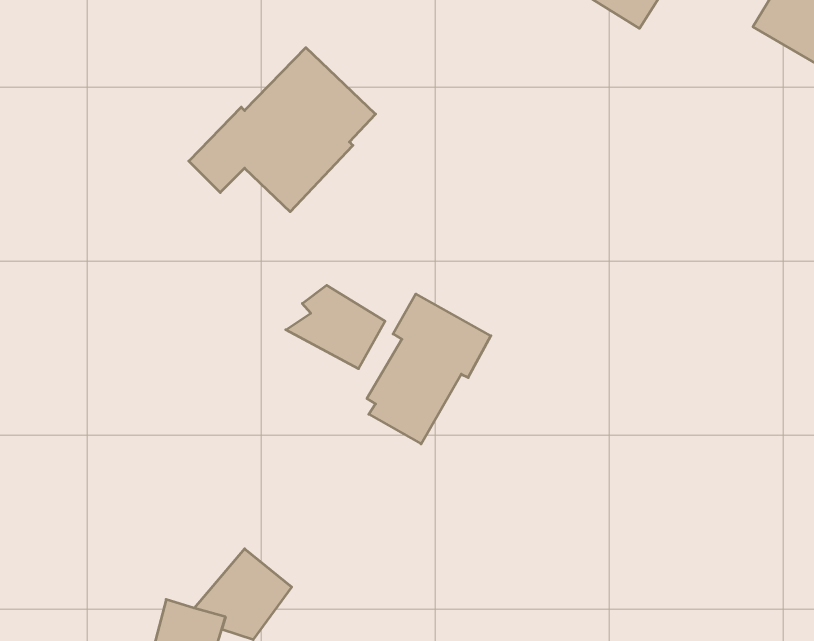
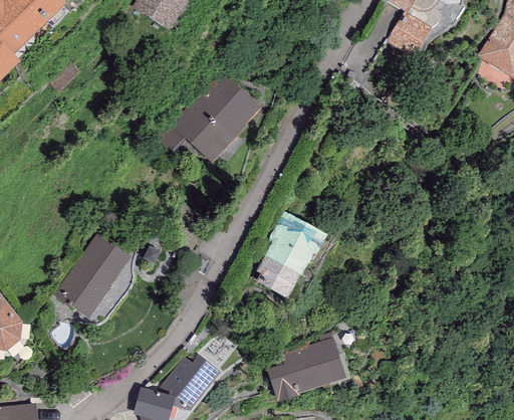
building: [286,285,385,369] -> none
building: none -> [53,233,130,314]
building: none -> [267,337,347,402]

